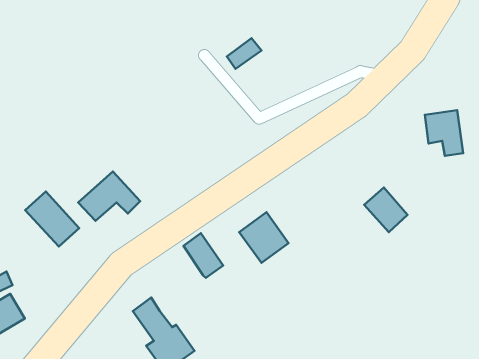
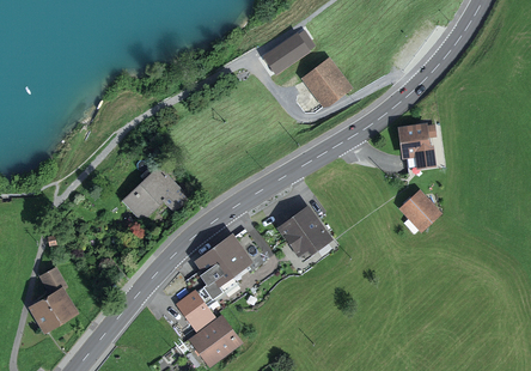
building: none -> [303,60,349,107]
building: [425,110,463,156] -> [397,123,434,168]
building: [25,192,79,247] -> none
building: none -> [195,243,245,306]

